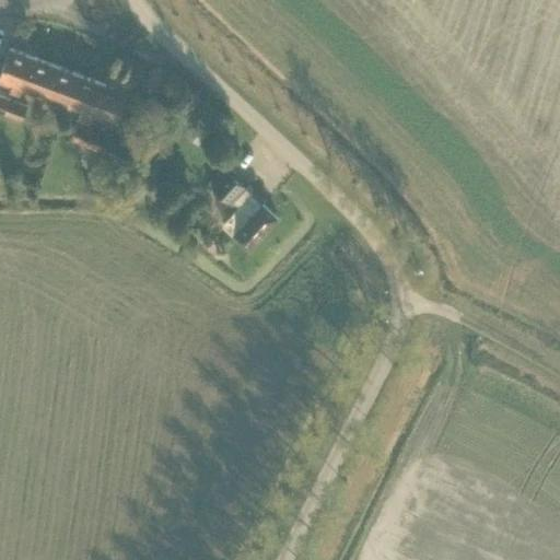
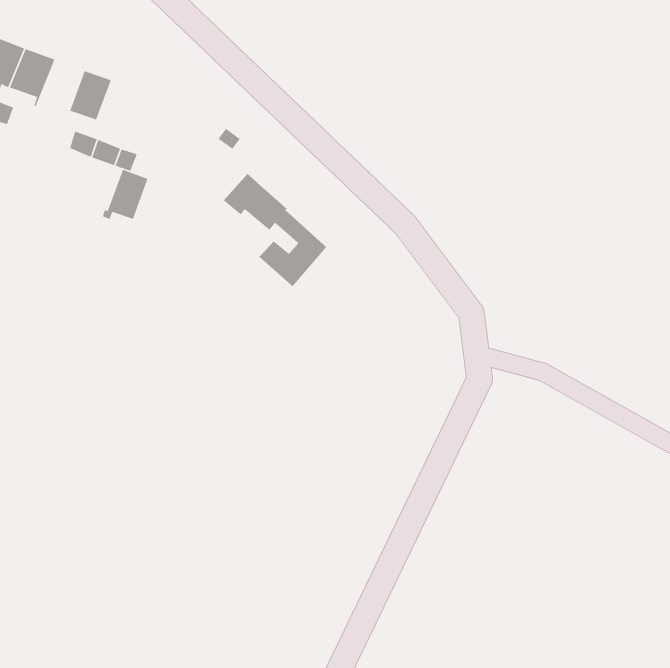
building: [40,66,79,107] -> none
building: [84,82,121,122] -> [102,169,148,220]

